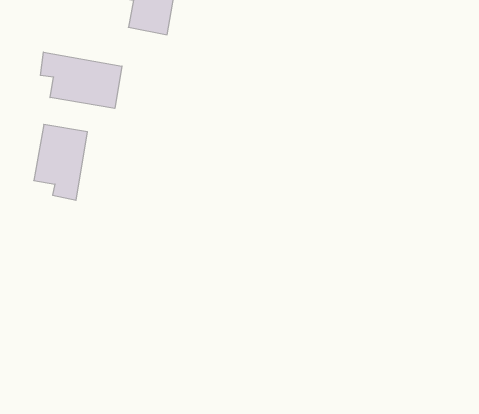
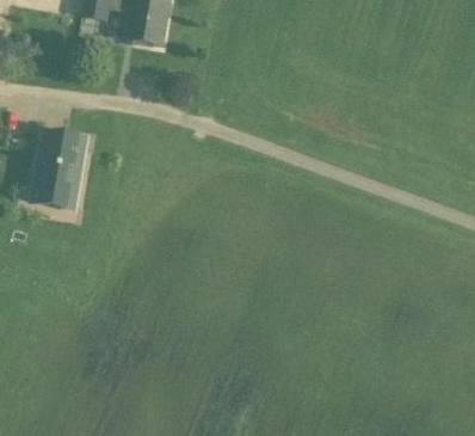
building: [40,52,122,108] -> none

